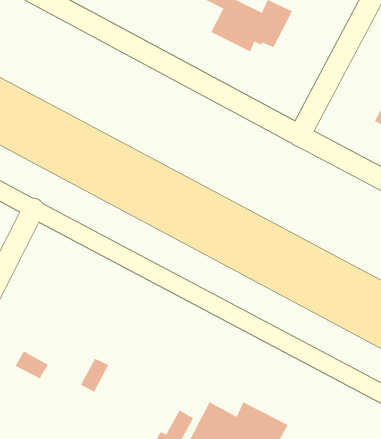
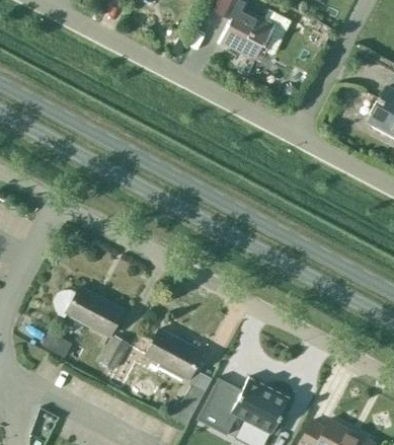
building: none -> [54,288,124,337]
building: none -> [133,330,203,379]

